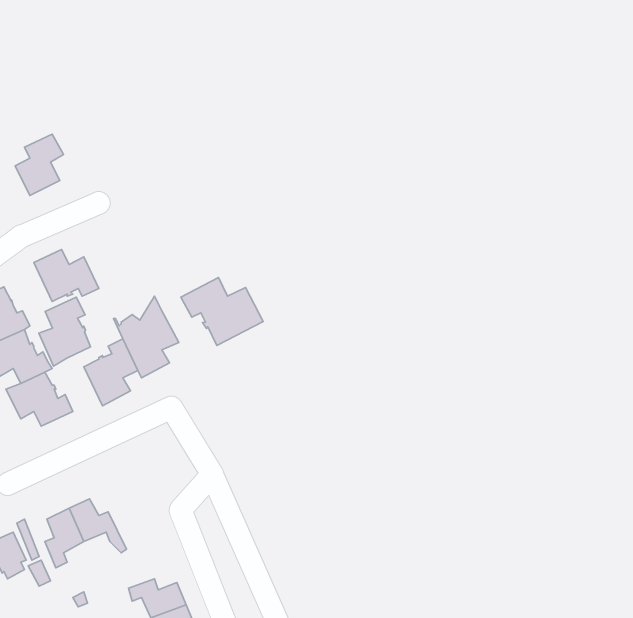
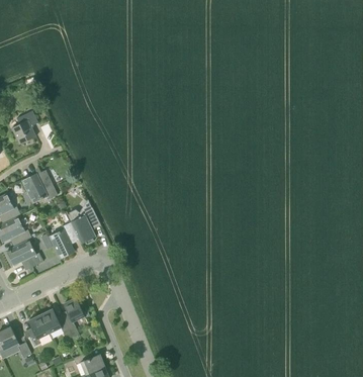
building: [181,278,263,345] -> none
building: [39,297,90,366] -> none
building: none -> [62,297,89,337]

